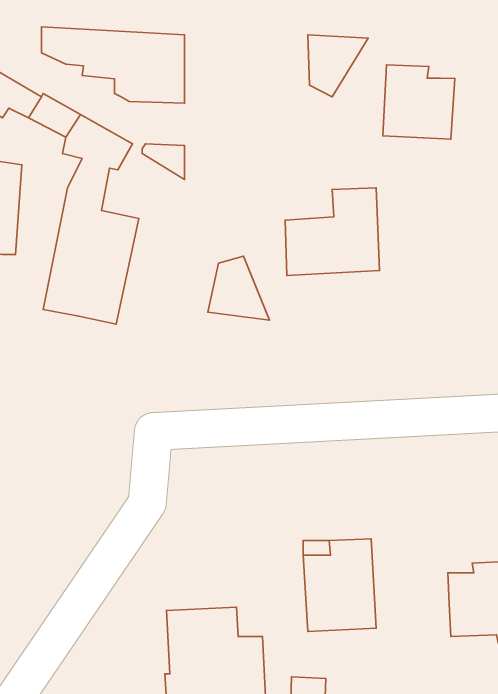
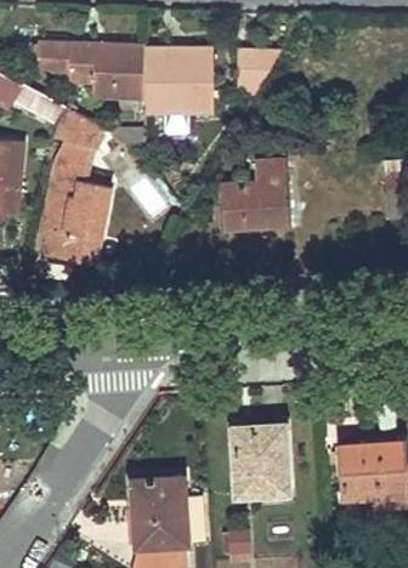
building: none -> [144,50,214,113]
building: [383,65,455,139] -> none
building: [208,256,270,320] -> none

